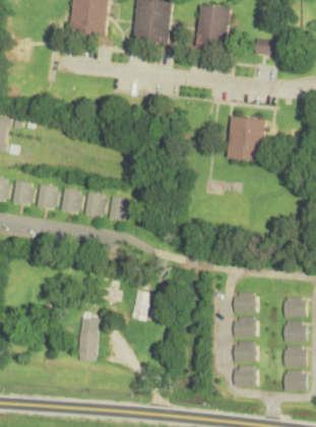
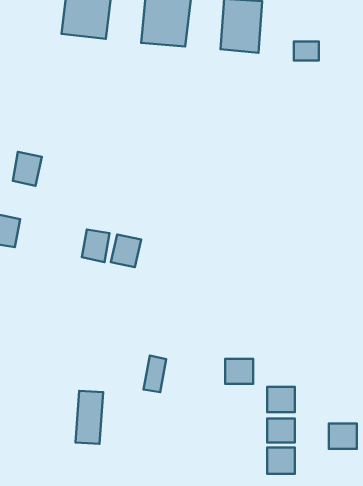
building: [229,114,268,161] -> none
building: [37,182,60,209] -> [13,152,42,186]
building: [60,187,82,211] -> none
building: [233,293,255,313] -> [225,359,253,384]
building: [283,298,306,317] -> none
building: [283,322,306,343] -> none
building: [285,371,306,390] -> none

